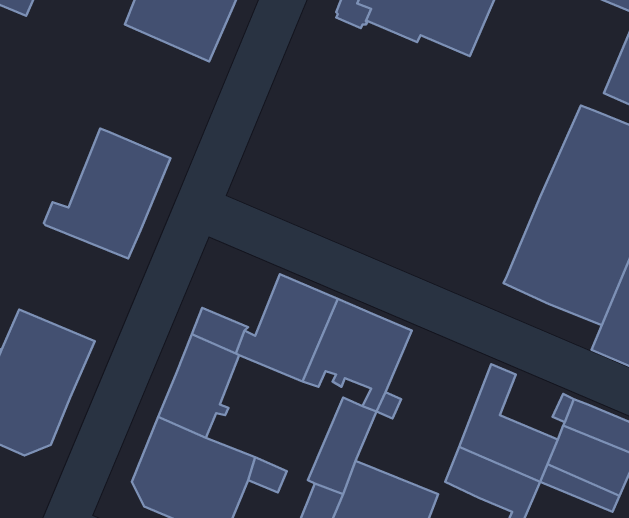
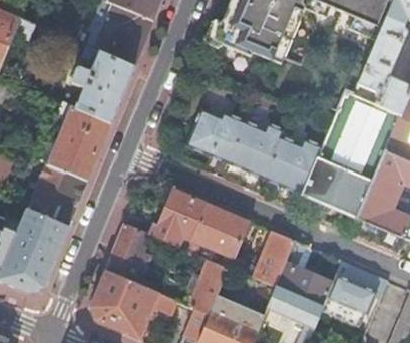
building: none -> [72,46,134,122]
building: none -> [187,107,323,194]
building: none -> [26,160,88,227]
building: none -> [255,231,295,287]

